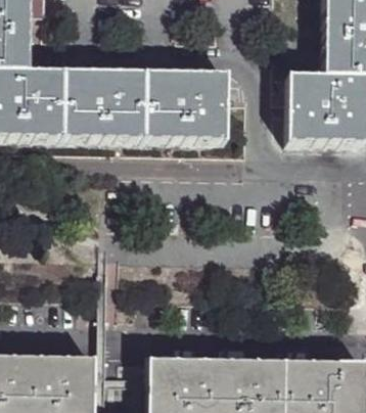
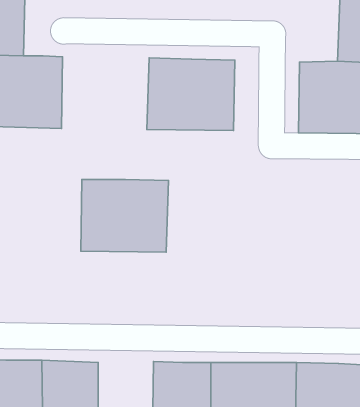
building: [62,72,145,140] -> [81,180,168,252]

